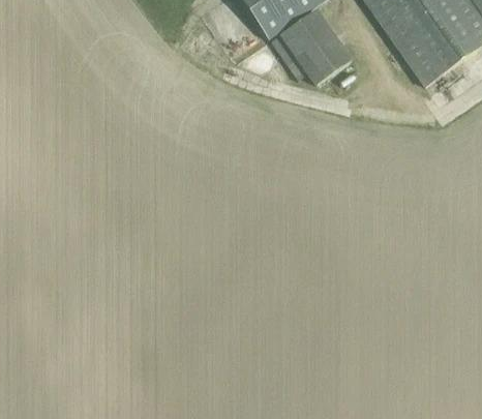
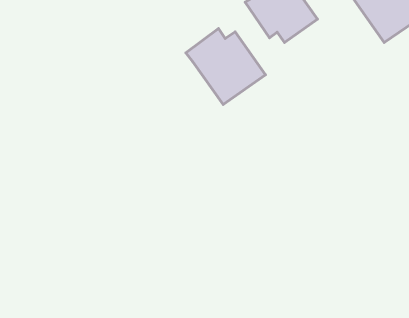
building: none -> [186,29,265,105]

